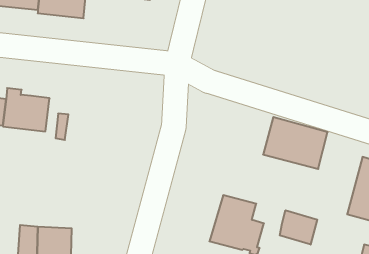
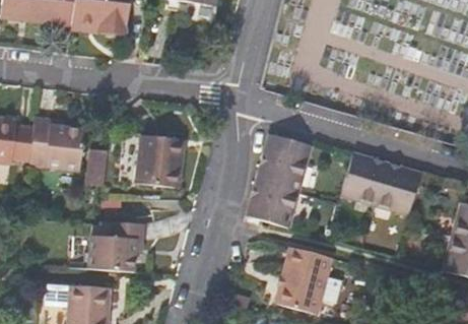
building: none -> [246,134,311,228]
building: none -> [138,135,186,186]
building: none -> [86,222,138,271]
building: [280,210,317,245] -> none

